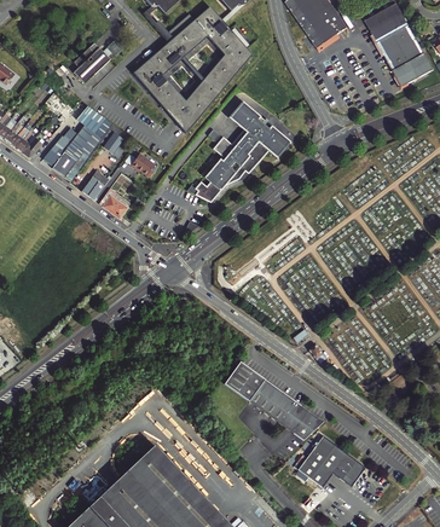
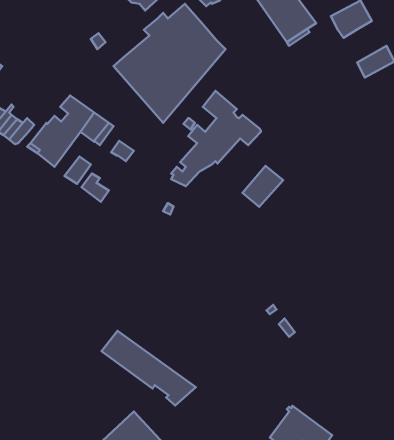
building: [378,25,424,70] -> none
building: [74,42,110,82] -> none
building: none -> [242,166,283,207]
building: [225,361,325,441] -> [102,331,196,405]

